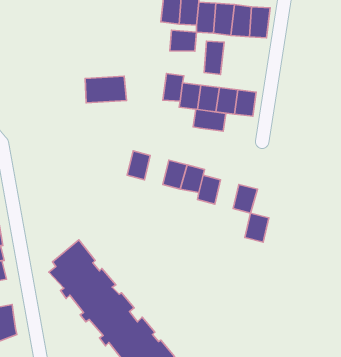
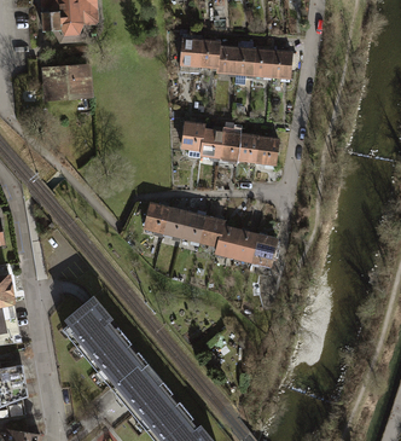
building: [170,30,197,51] -> none
building: [204,41,224,74] -> none
building: [85,76,127,103] -> [46,66,89,94]
building: [193,109,226,131] -> none
building: none -> [162,207,187,237]
building: [245,213,269,242] -> [236,232,261,262]

